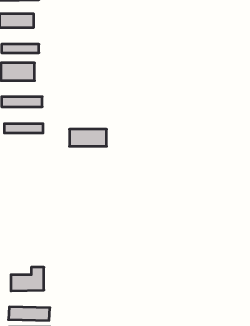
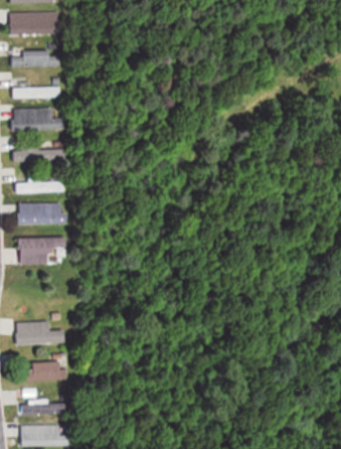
building: [69,129,107,146] -> [19,203,63,223]
building: none -> [21,238,57,264]
building: none -> [19,321,62,344]

